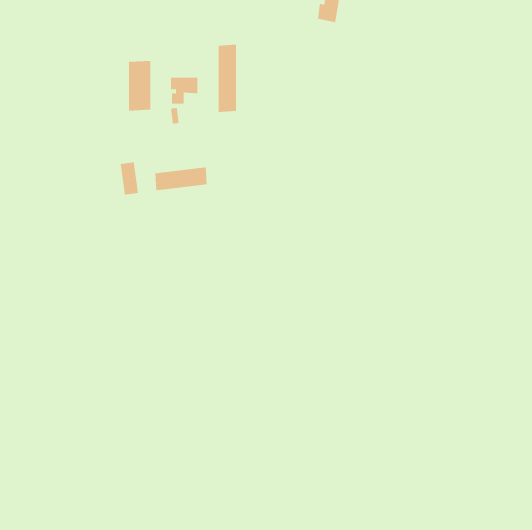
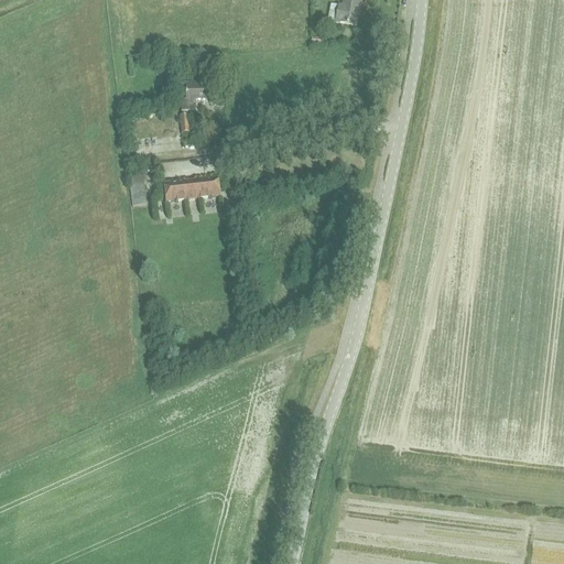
building: [218,44,237,113] -> none
building: [129,60,151,111] -> none

